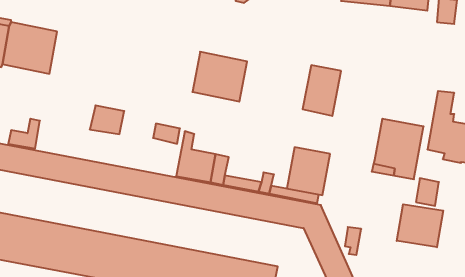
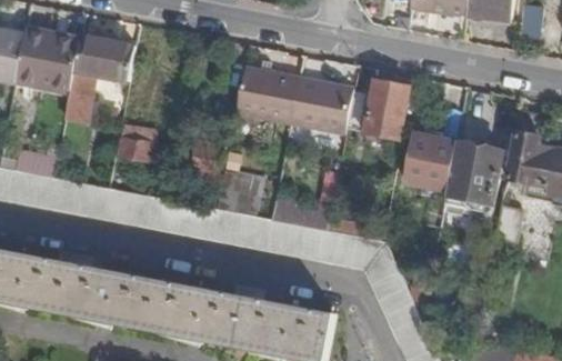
building: none -> [64,36,129,121]
building: none -> [290,76,352,132]
building: [287,147,330,195] -> [405,134,455,190]
building: [397,204,443,247] -> none

